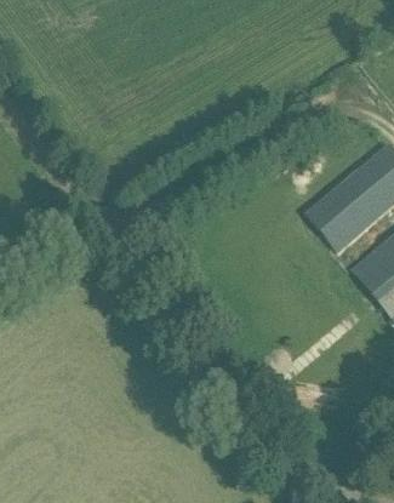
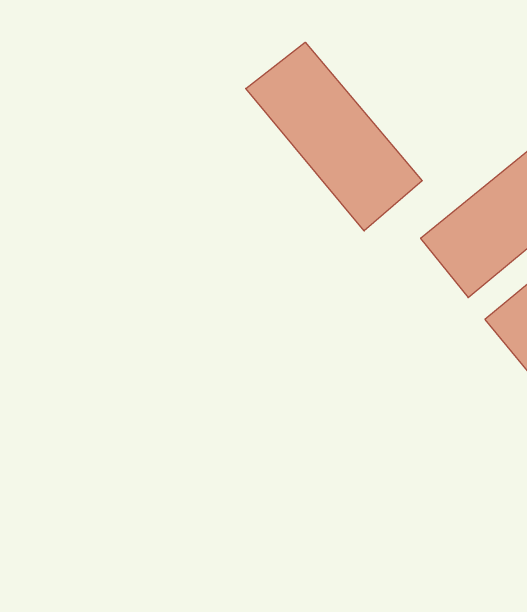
building: none -> [246,42,422,231]

